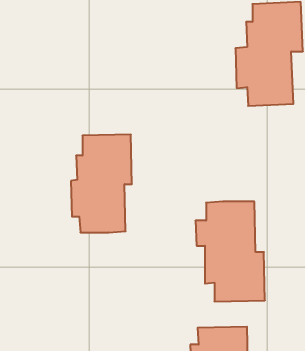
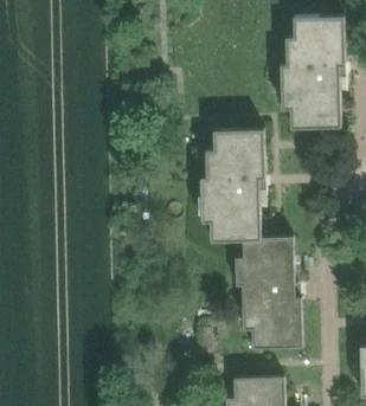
building: [71,135,132,232] -> [198,127,267,237]

